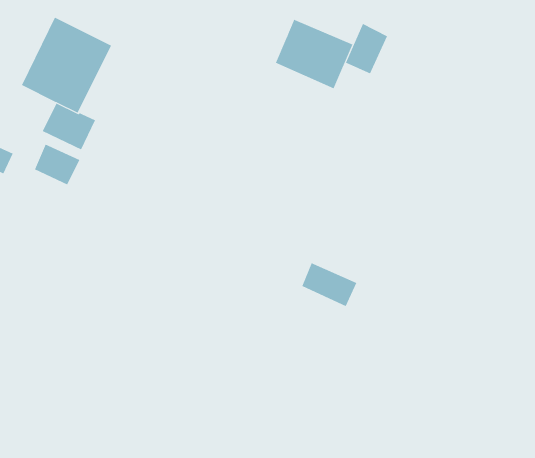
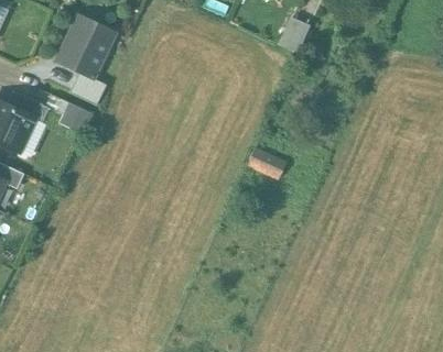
building: [275,18,353,89] -> none
building: [302,262,357,307] -> [248,147,287,178]

